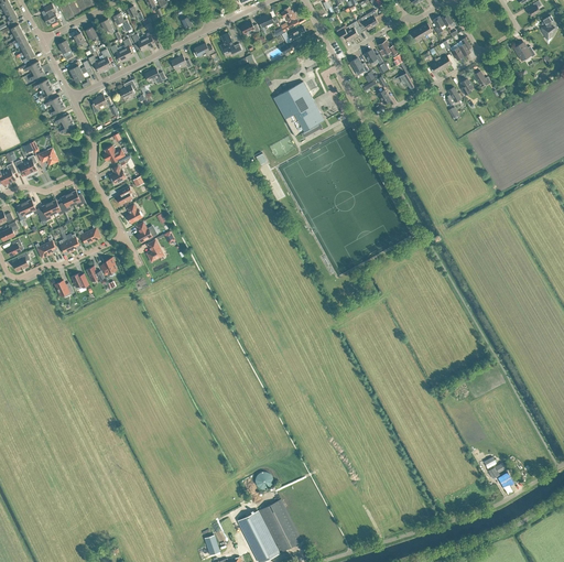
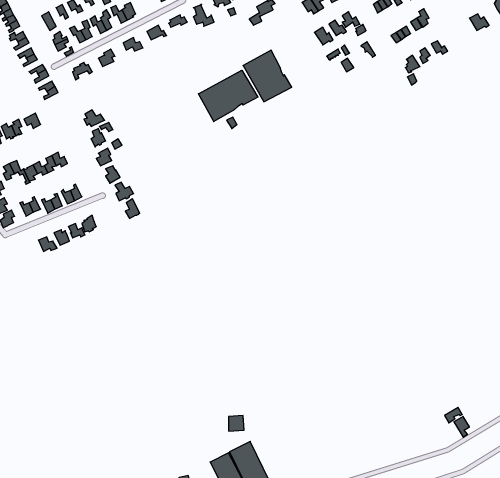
building: none -> [198,70,258,122]

